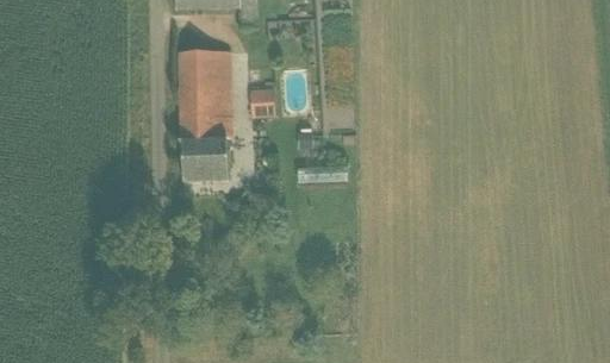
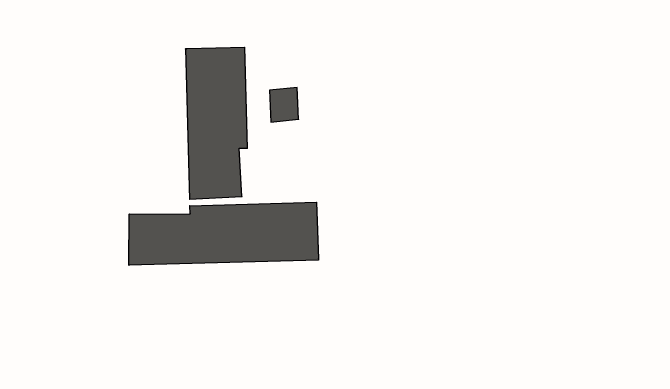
building: none -> [129,202,318,265]

